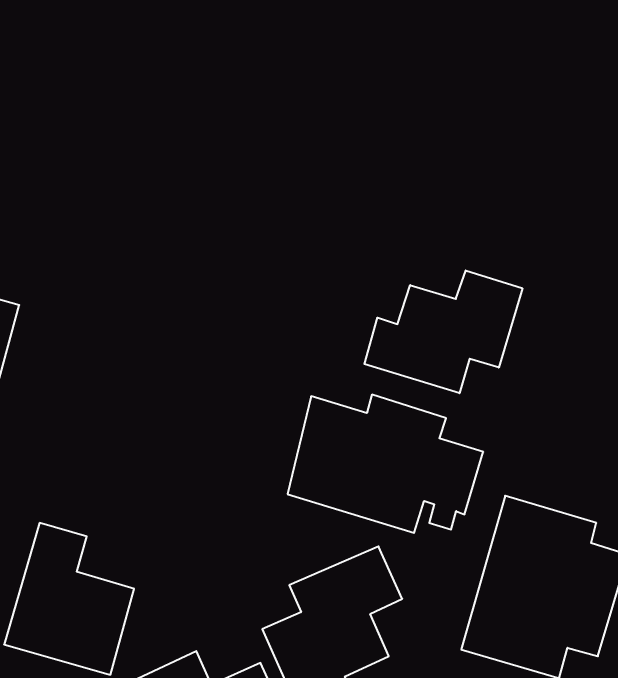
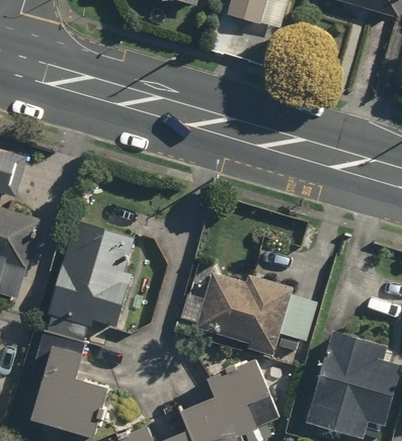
building: [364,270,522,393] -> none
building: none -> [47,222,134,342]

